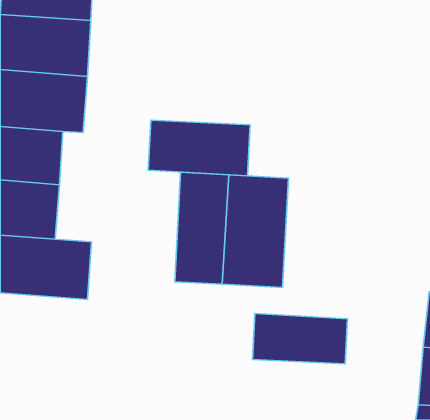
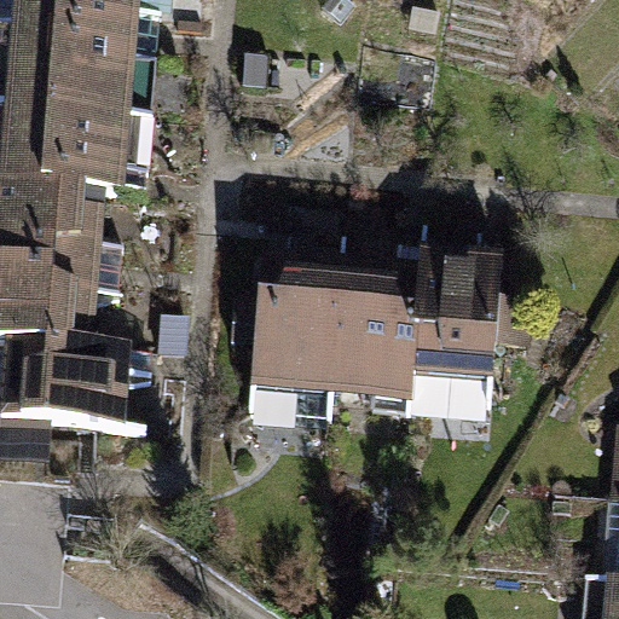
building: [148,120,250,176] -> none
building: none -> [407,254,504,415]
building: [252,314,348,364] -> none

